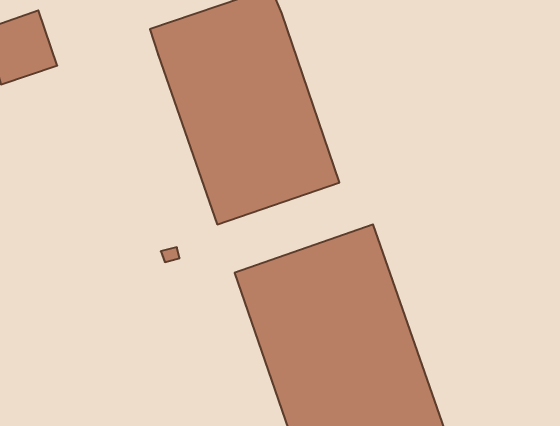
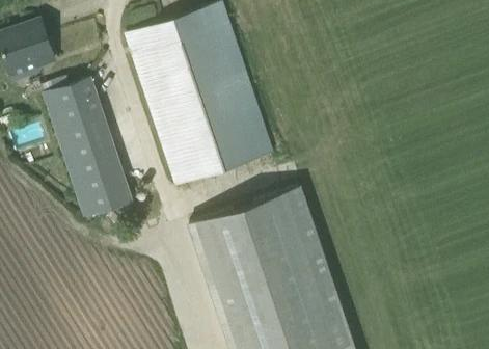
building: none -> [43,79,132,218]

